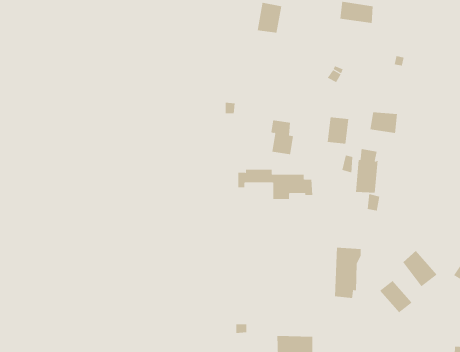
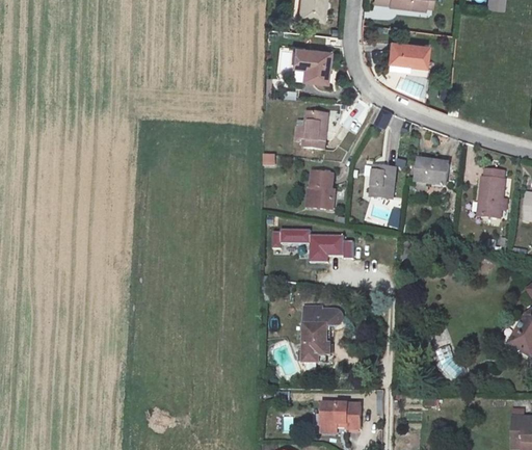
building: none -> [303,113,326,148]
building: [355,148,378,193] -> [480,170,505,218]
building: [334,247,362,299] -> [301,307,330,362]
building: [403,250,437,287] -> none

